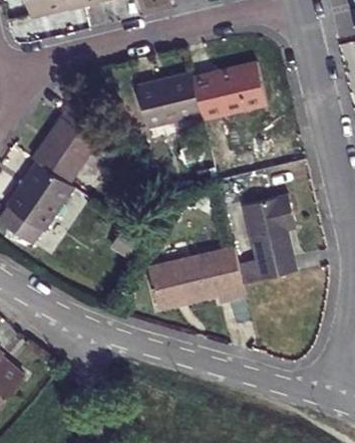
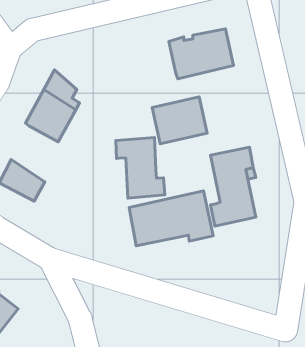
building: [141,68,204,122] -> [152,97,207,144]
building: [17,169,77,232] -> none
building: none -> [116,138,165,198]

